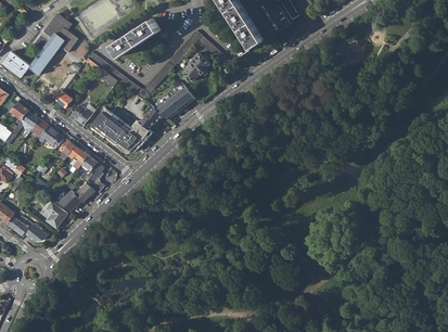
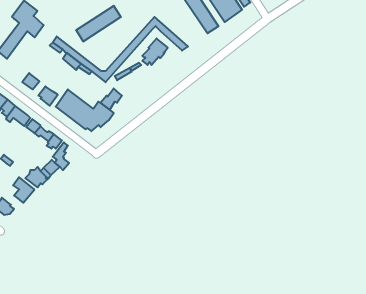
building: [153,87,191,118] -> none

